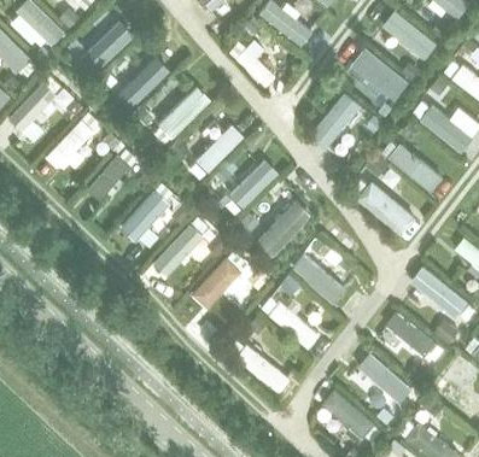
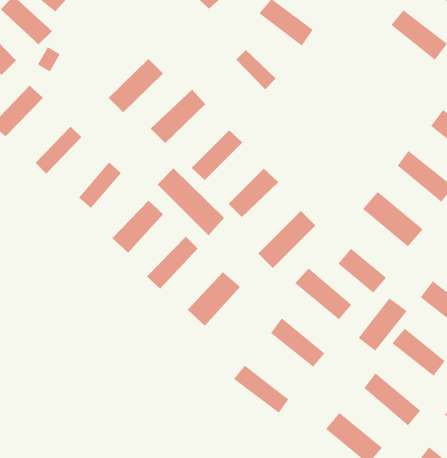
building: [76,20,132,74] -> none
building: [351,47,408,99] -> none
building: [309,93,361,148] -> none
building: none -> [157,168,225,236]
building: none -> [337,248,387,293]
building: none -> [358,298,408,352]

